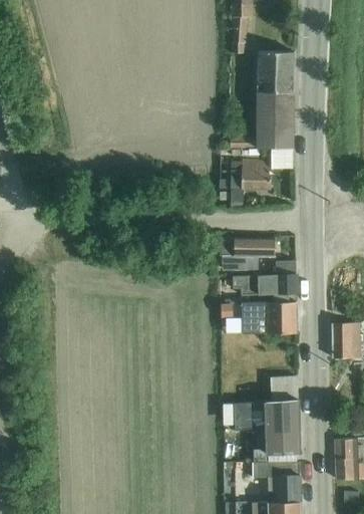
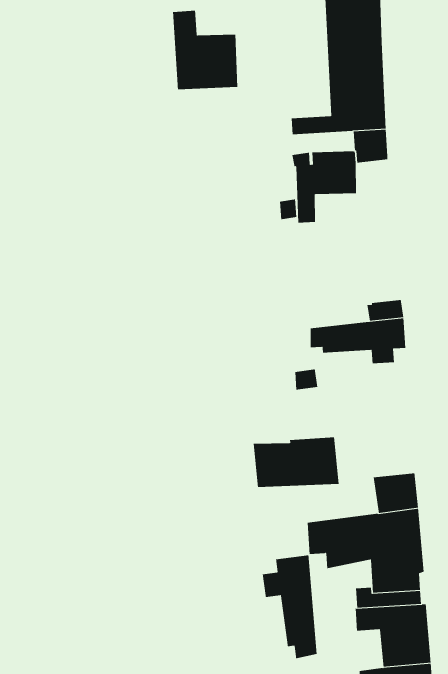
building: none -> [172,10,238,90]
building: [221,237,274,270] -> none
building: [242,302,297,333] -> [253,437,339,488]
building: none -> [262,554,317,659]

